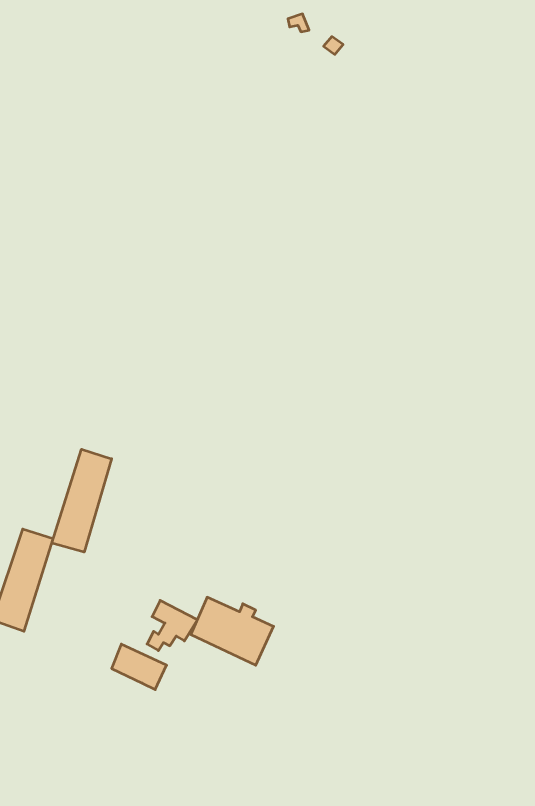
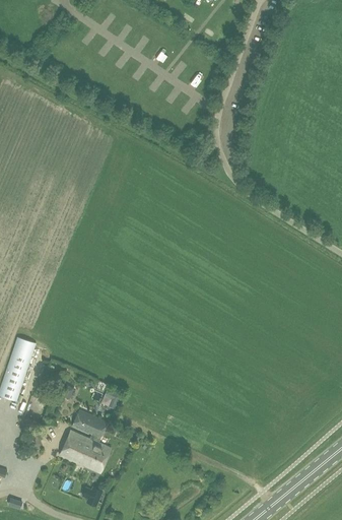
building: [52,449,112,552] -> none
building: [191,597,274,665] -> [58,430,110,472]

